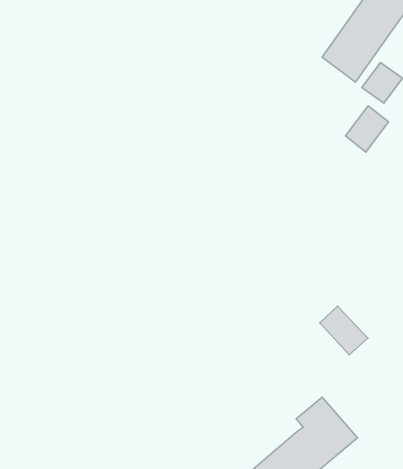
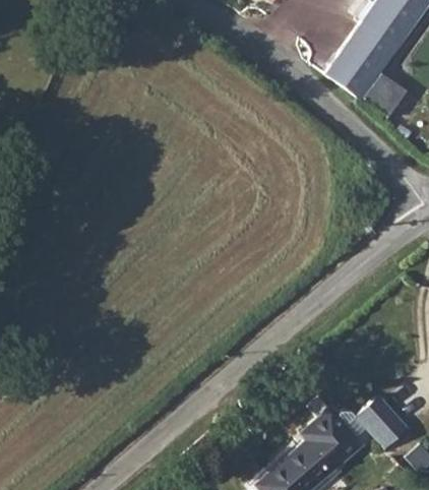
building: [346,106,389,152] -> none
building: [320,306,368,355] -> [352,391,399,439]

